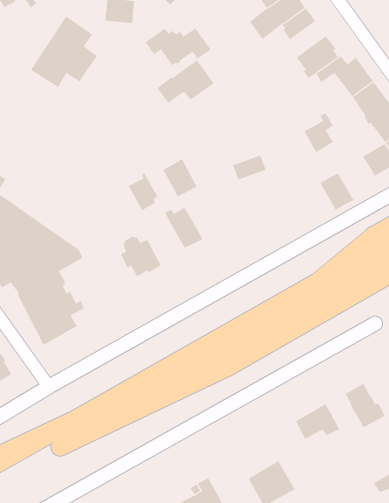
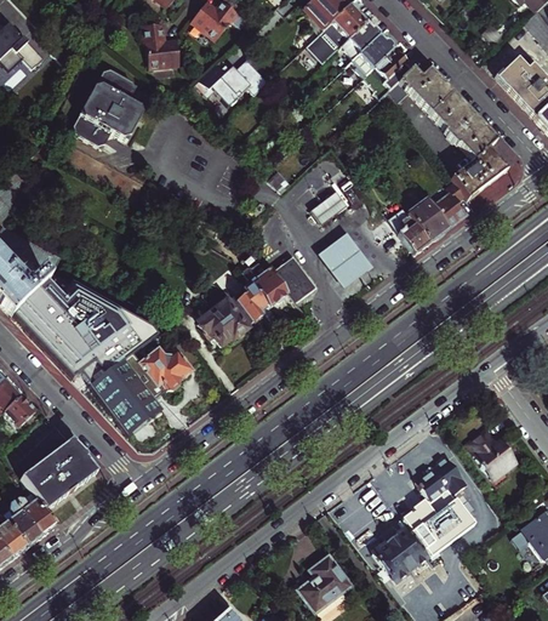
building: none -> [353,34,394,78]
building: [157,60,215,104] -> none
building: [303,112,334,153] -> [433,181,468,227]
building: [162,158,197,197] -> [273,256,314,300]
building: [128,173,158,211] -> [232,279,267,321]
building: none -> [399,216,430,252]
building: none -> [319,232,372,286]
building: none -> [141,346,192,387]
building: none -> [399,486,476,554]

